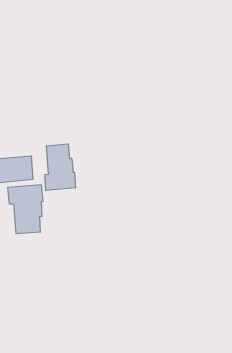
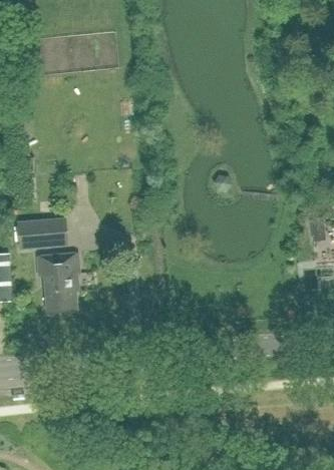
building: [45,144,75,190] -> none

